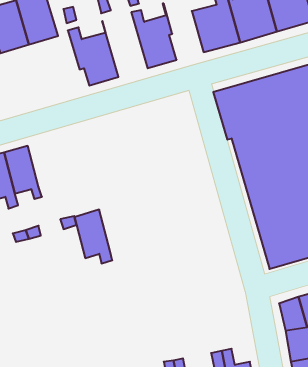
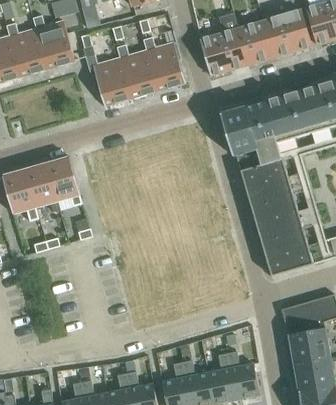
building: none -> [116,39,158,99]
building: [74,210,112,263] -> [47,156,82,206]

